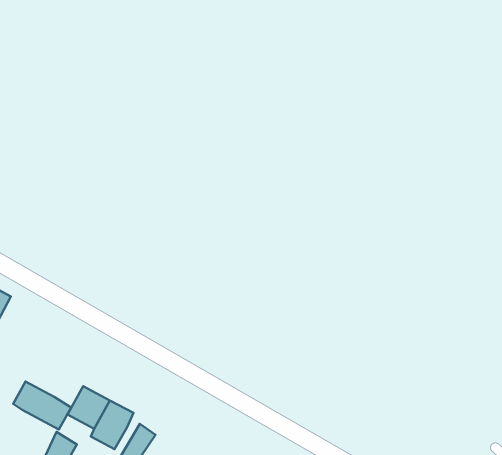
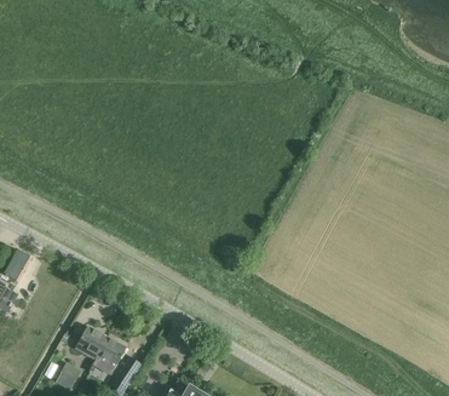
building: [13,382,71,430] -> none

